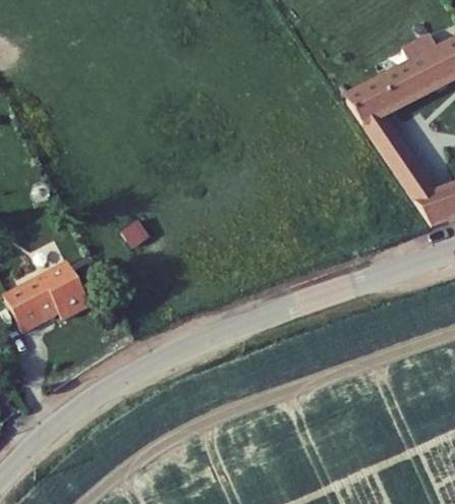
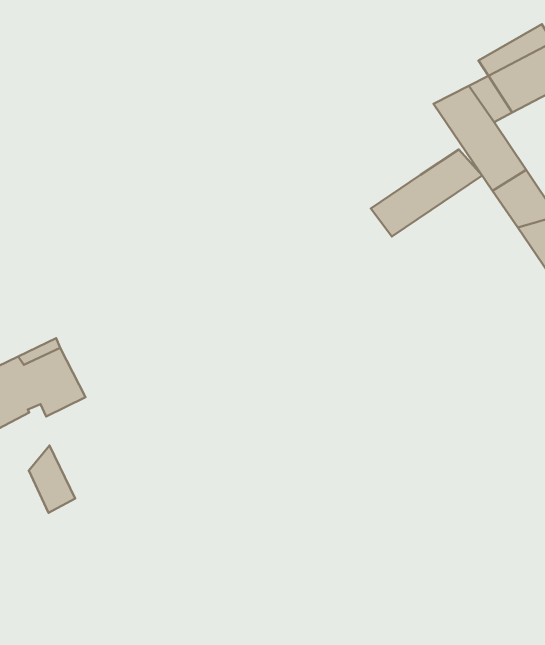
building: none -> [371,150,482,236]
building: none -> [29,446,75,513]

